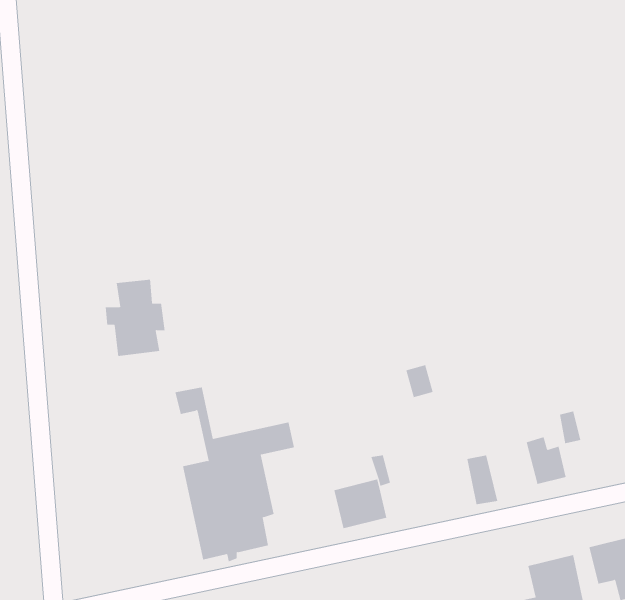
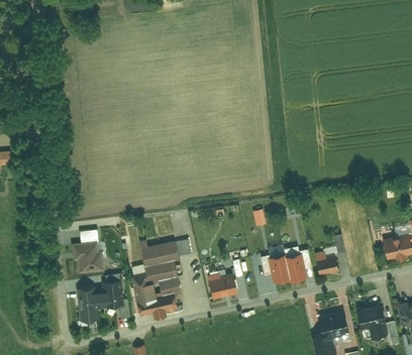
building: [105,279,166,357] -> [75,229,108,271]
building: none -> [272,259,292,288]
building: none -> [81,278,128,319]

